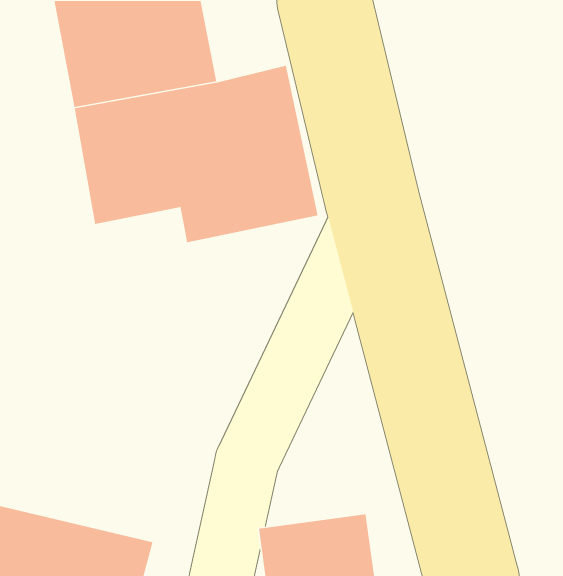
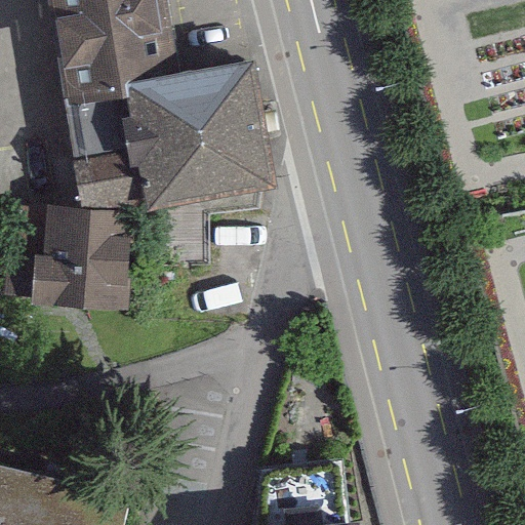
building: none -> [38,208,147,316]

